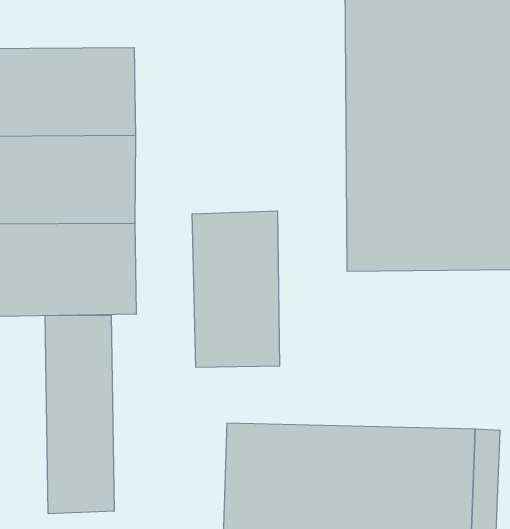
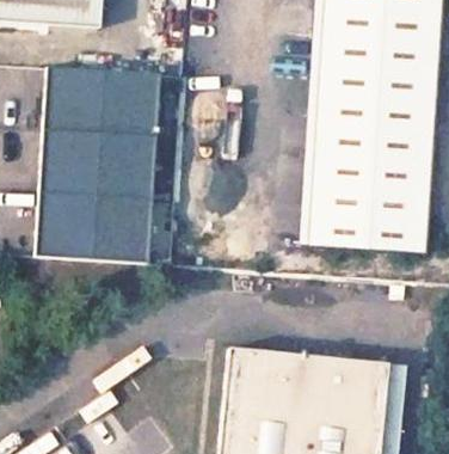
building: [192,211,280,367] -> none
building: [45,315,114,514] -> none

